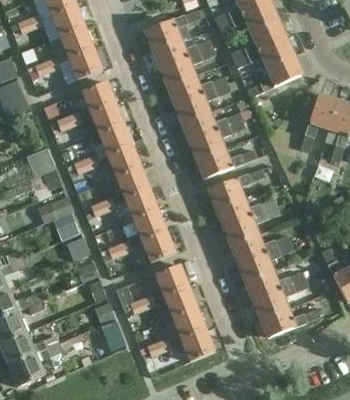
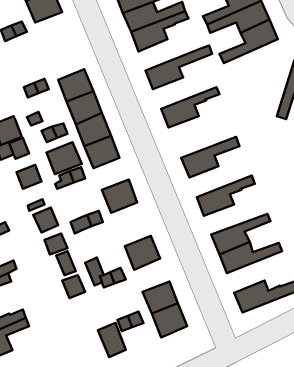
building: [67,48,101,80] -> none
building: [166,74,227,104] -> none
building: [80,81,114,113] -> none
building: [181,111,242,141] -> none
building: [196,148,257,178] -> none
building: [123,188,157,220] -> [46,142,82,174]
building: [216,196,276,227] -> none
building: [140,232,174,264] -> none
building: [230,234,291,263] -> none
building: [252,279,308,319] -> none
building: [162,286,197,318] -> none
building: [98,319,125,352] -> [98,323,126,357]

